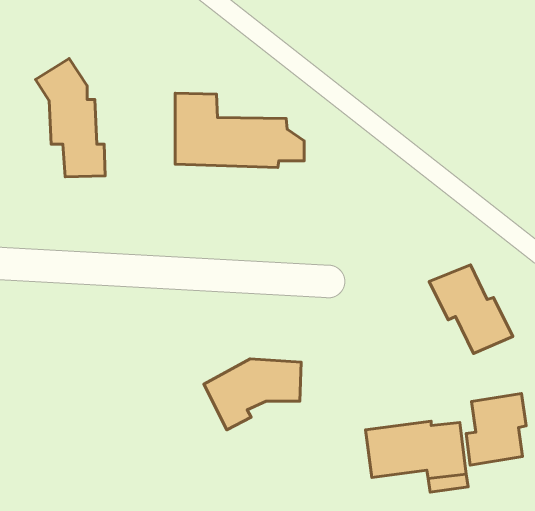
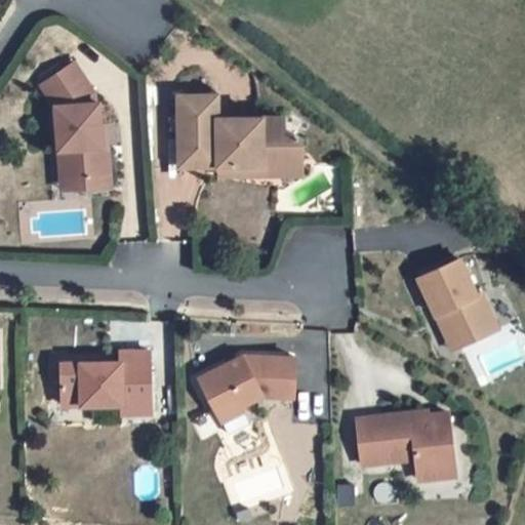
building: none -> [62,352,152,414]
building: [466,394,526,465] -> none

